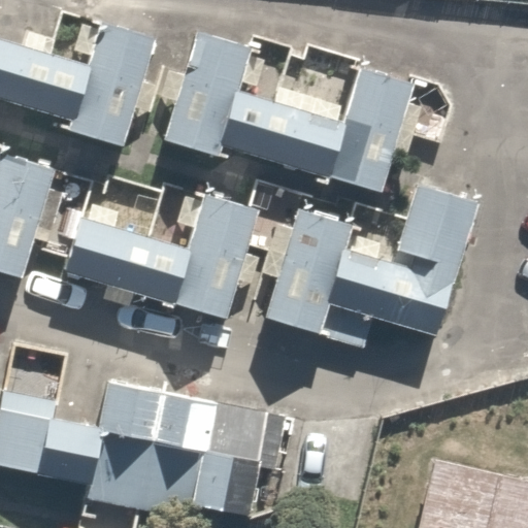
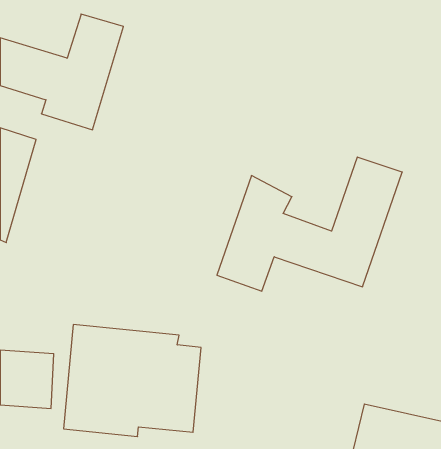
building: [164,27,409,190] -> none
building: [59,191,248,312] -> none

